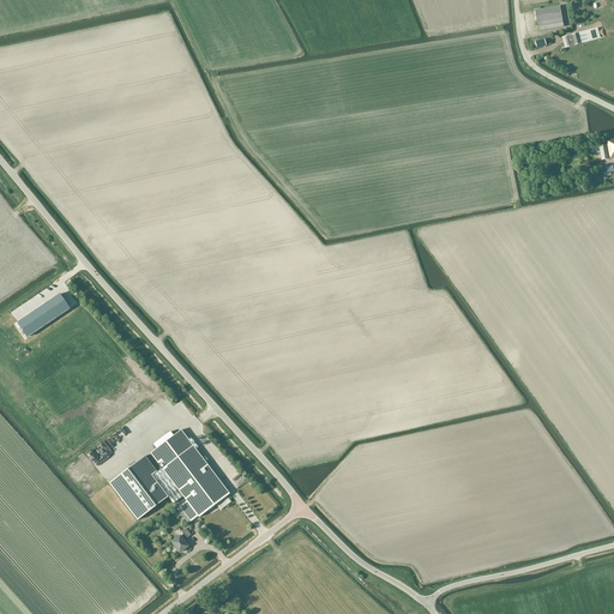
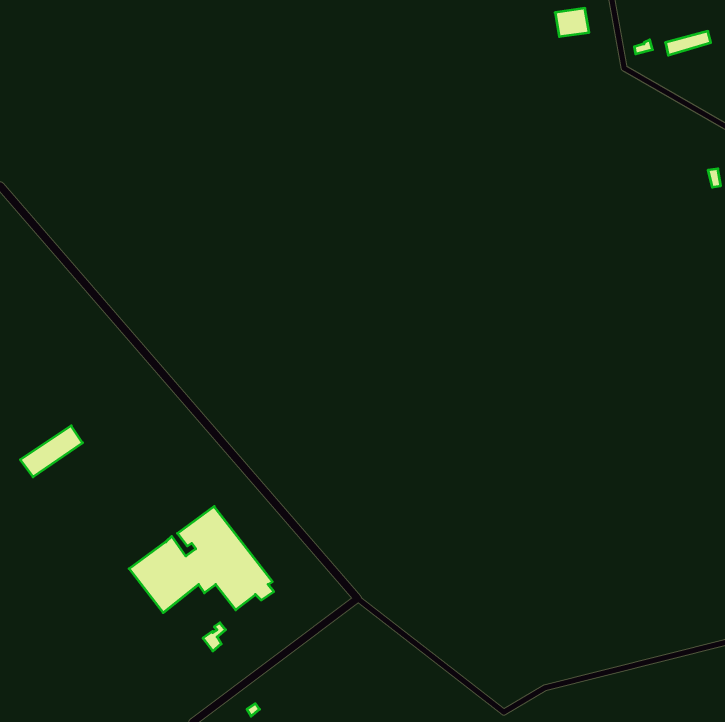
building: [535,5,564,29] -> [555,8,589,37]
building: [17,291,70,335] -> [20,426,83,477]

